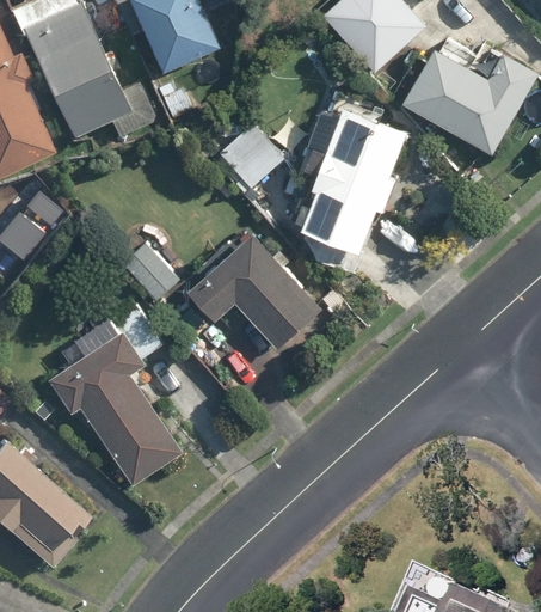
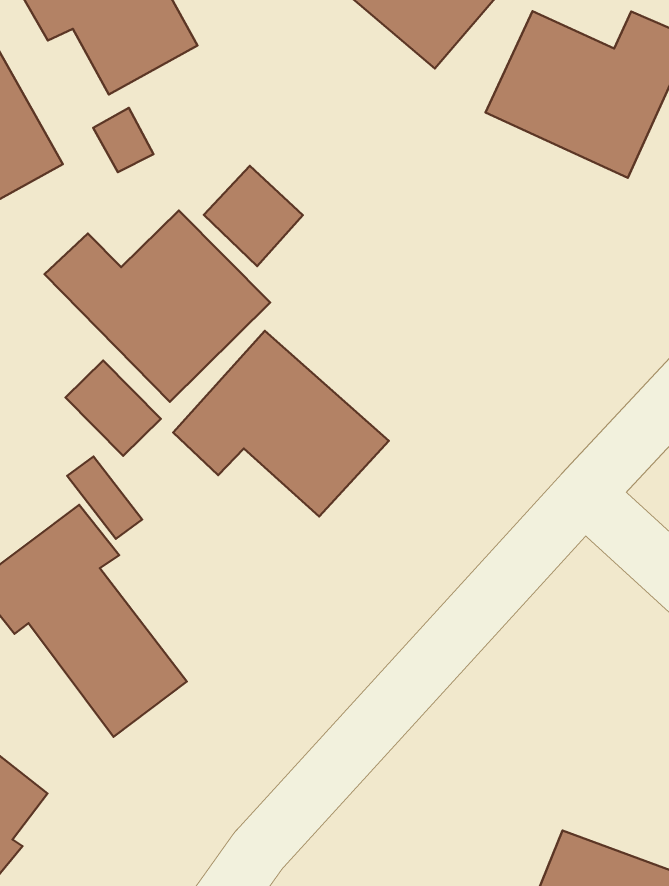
building: [297,105,412,255] -> none
building: none -> [45,210,270,402]

